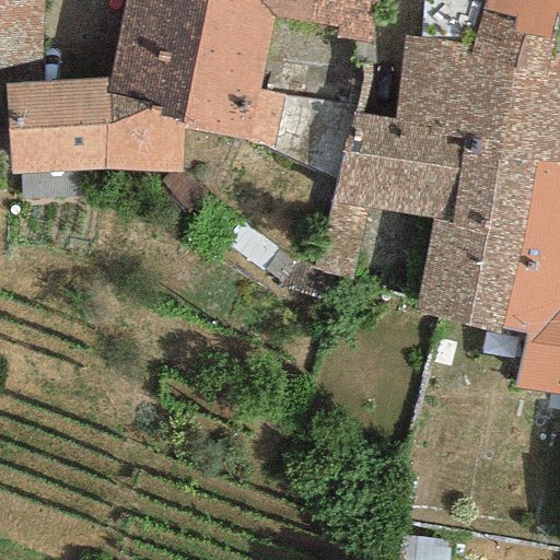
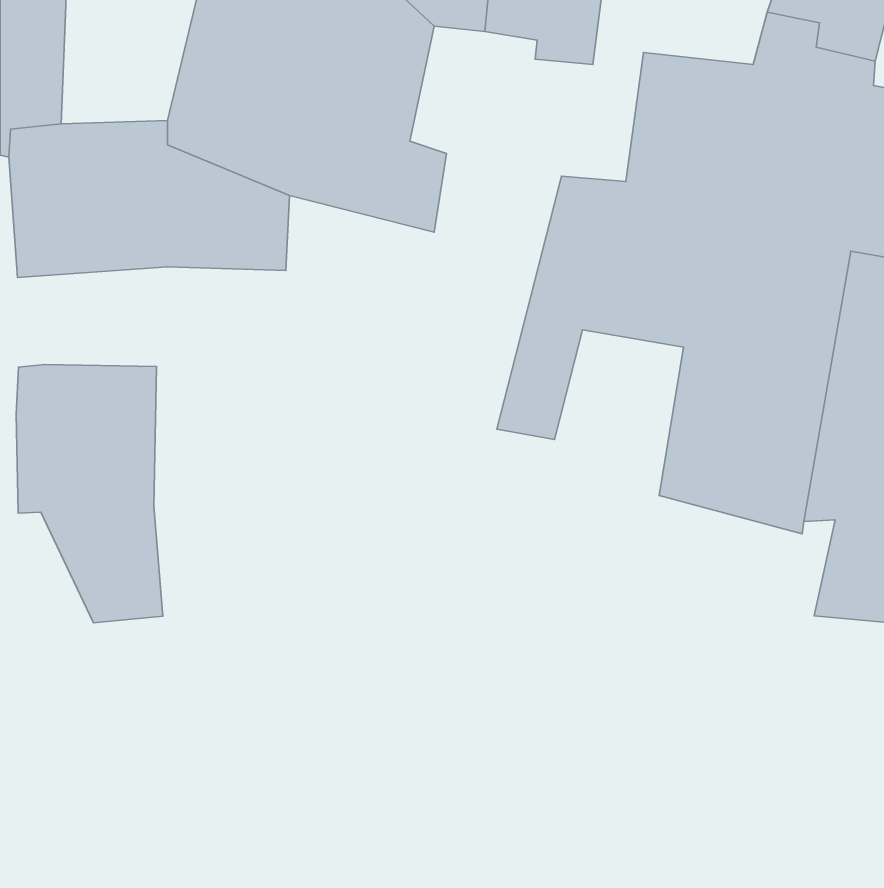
building: none -> [16,364,163,623]

